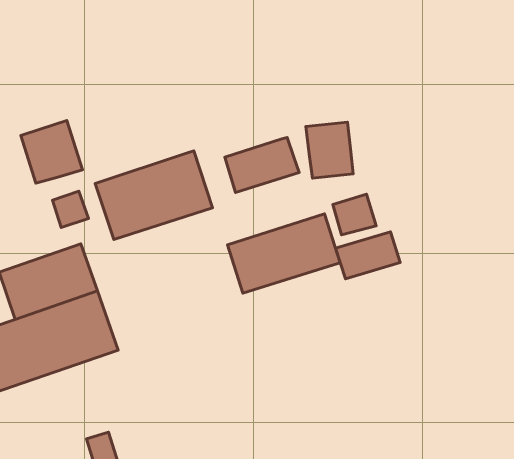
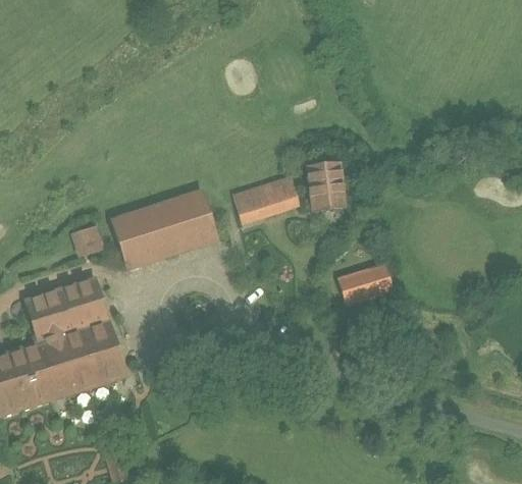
building: [21,121,82,183] -> none
building: [333,194,376,235] -> none
building: [228,214,340,293] -> none

